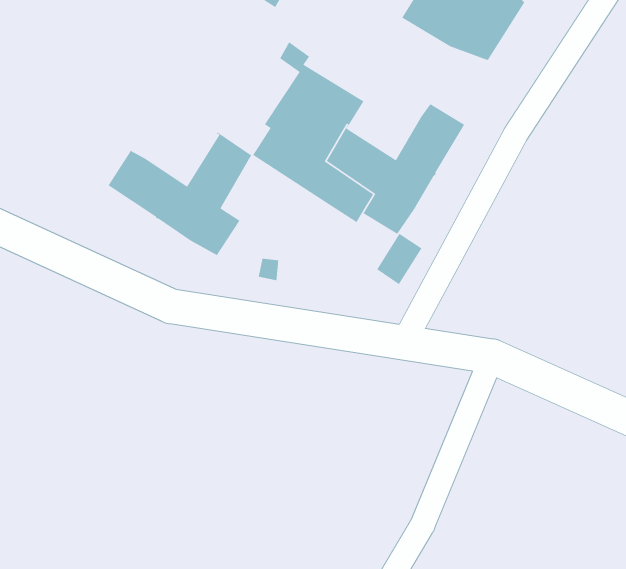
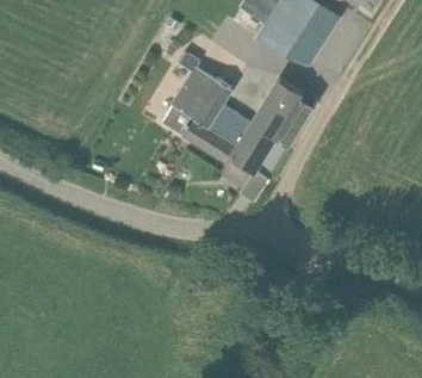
building: none -> [273,79,312,144]
building: [107,131,252,256] -> none

